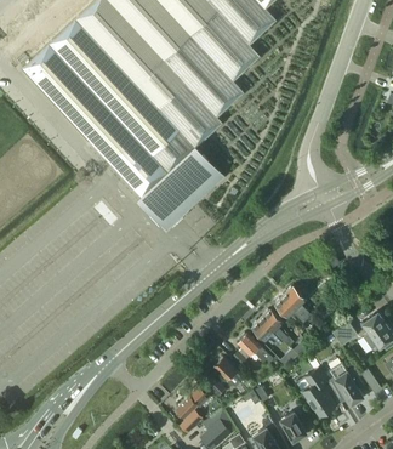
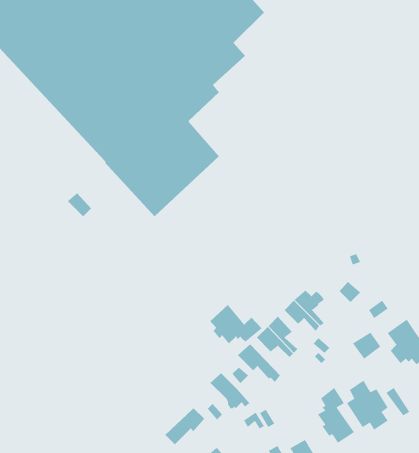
building: none -> [210,304,263,344]

